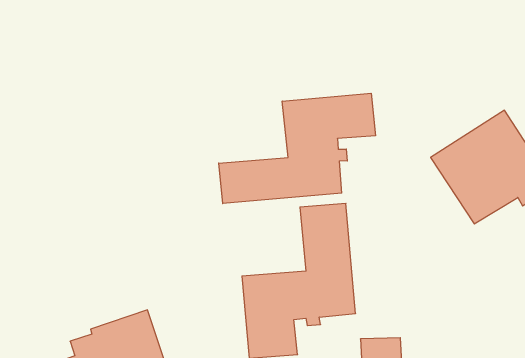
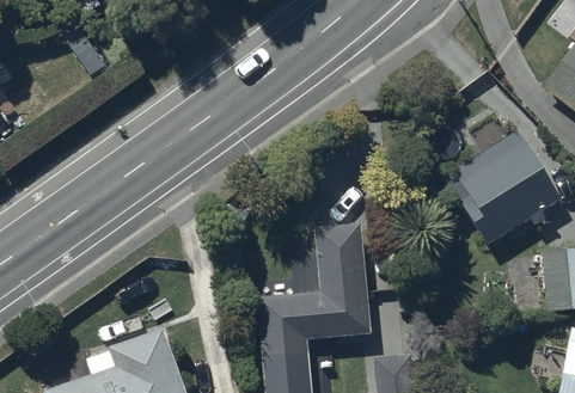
building: [219,93,375,204] -> none

